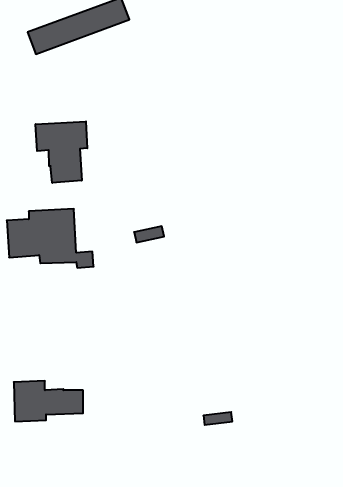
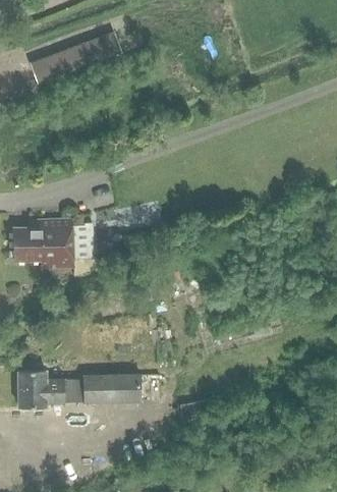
building: [36,121,87,183] -> none
building: none -> [80,375,143,403]

